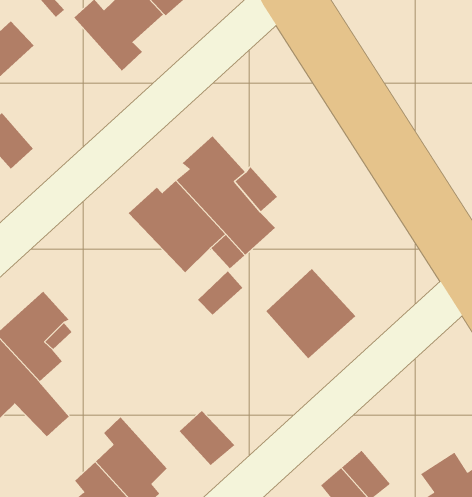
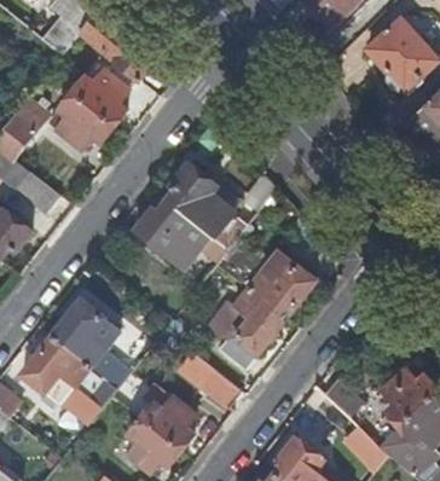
building: none -> [47,93,112,150]
building: none -> [220,286,285,369]

